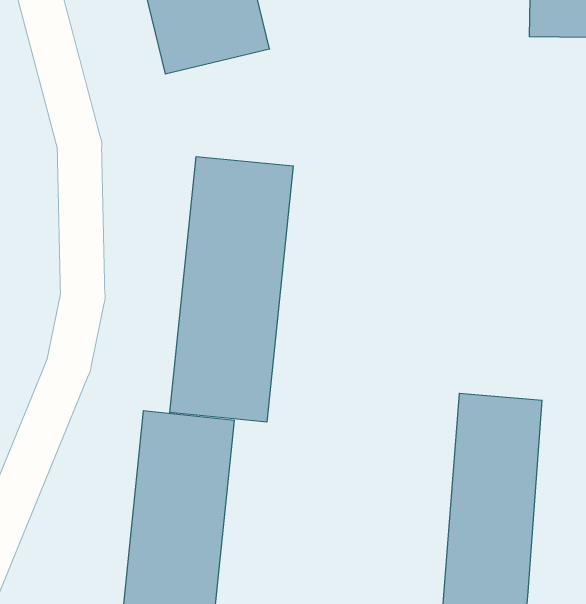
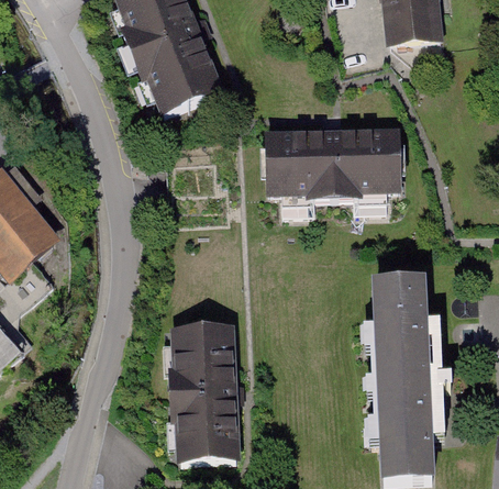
building: none -> [269,131,399,200]
building: [170,157,293,422] -> none

